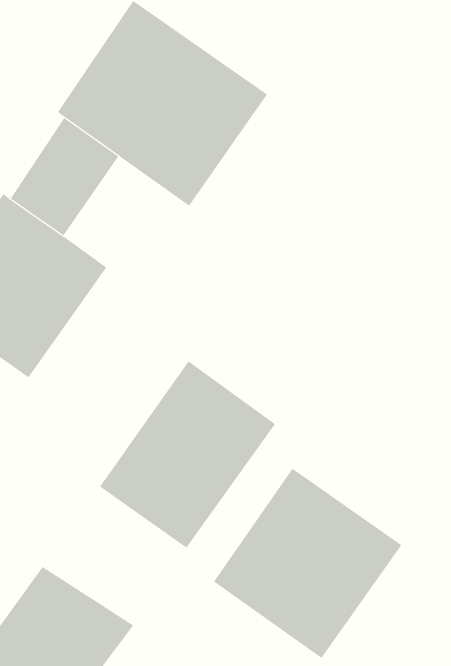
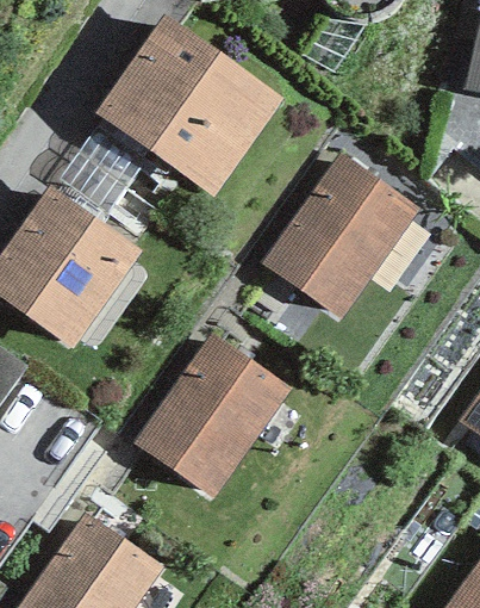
building: none -> [261,153,420,319]
building: [213,468,402,659] -> none

